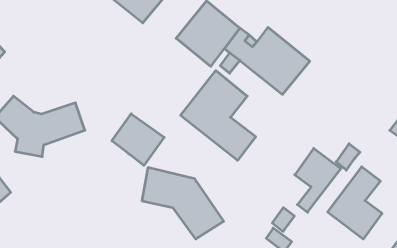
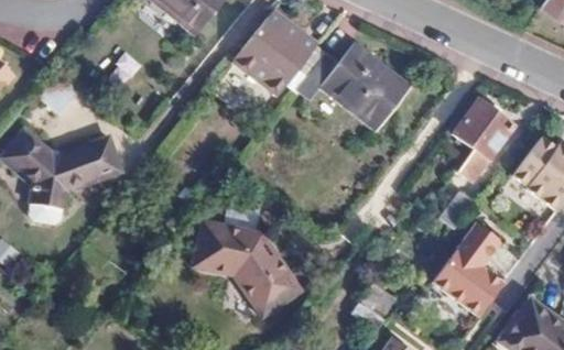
building: [181,71,256,160] -> none
building: [112,114,164,165] -> none
building: [295,148,341,212] -> [456,99,516,182]

